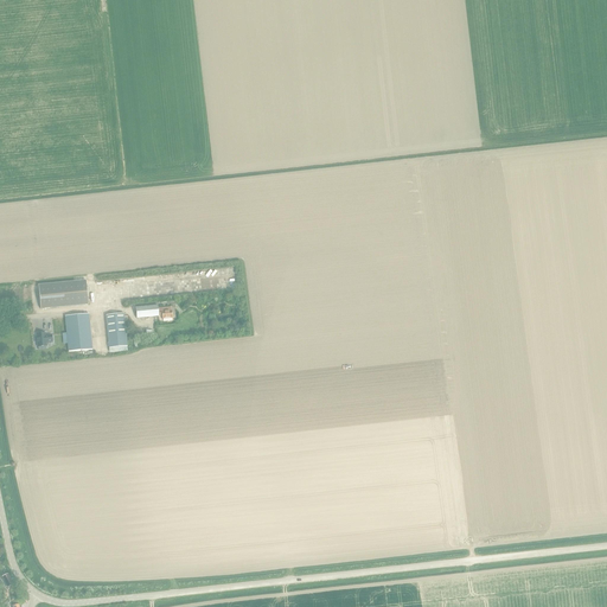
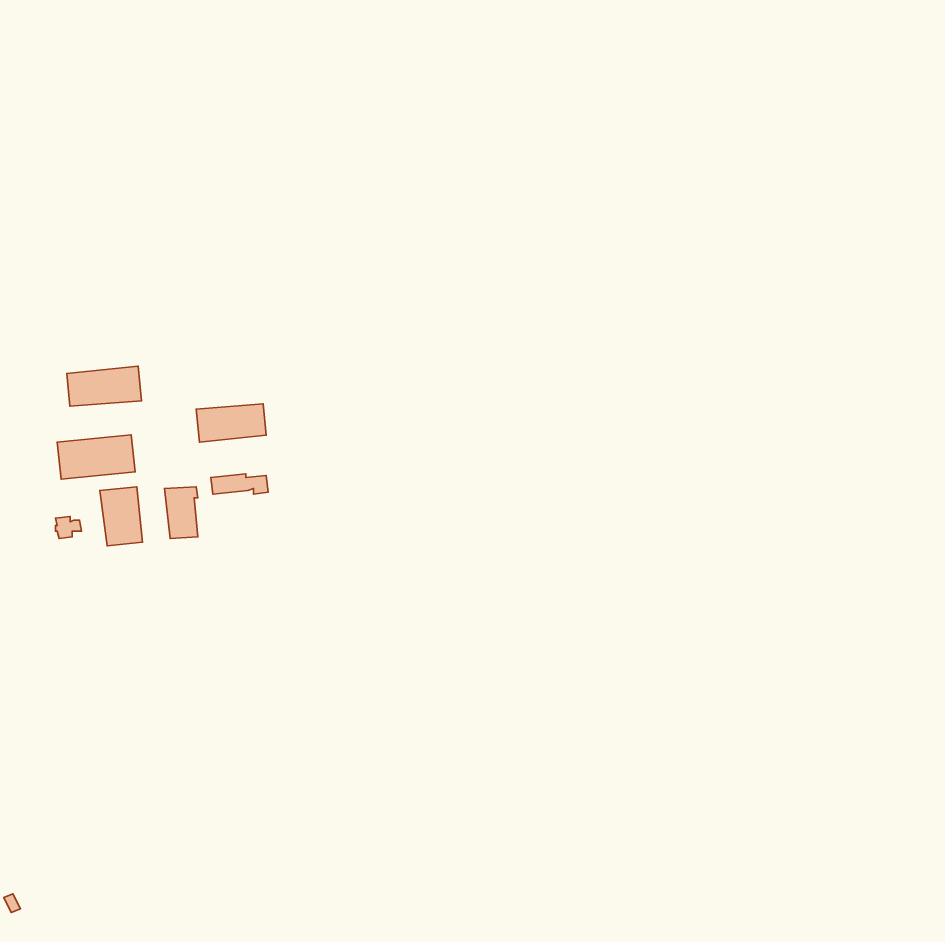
building: none -> [67,366,141,406]
building: none -> [196,404,266,442]

